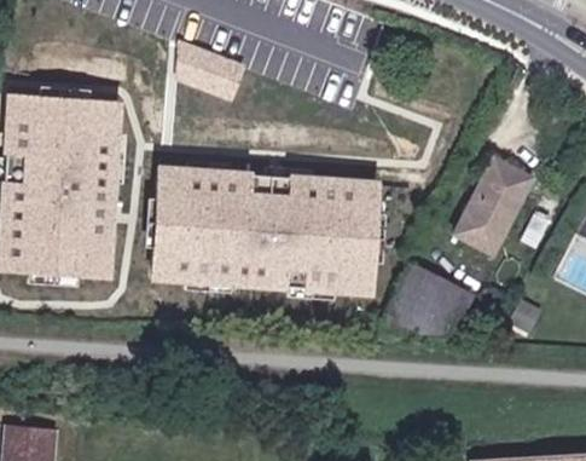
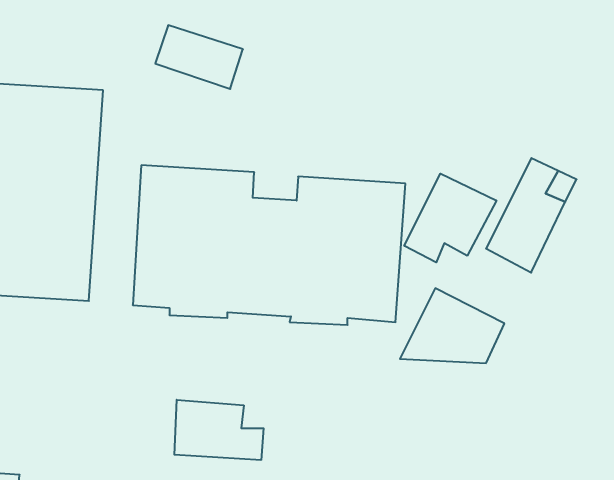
building: none -> [404,174,496,262]
building: none -> [174,400,264,460]

